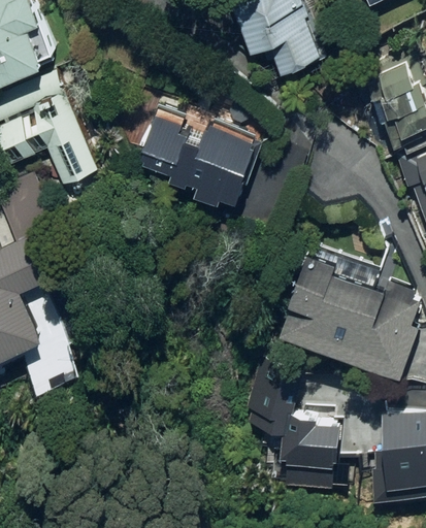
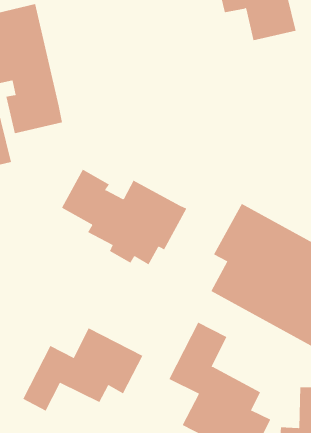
building: [138,117,265,204] -> [61,169,187,265]
building: none -> [22,328,143,411]

